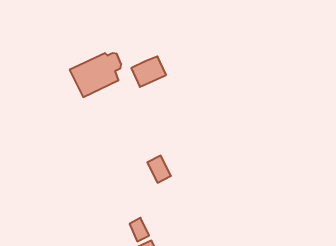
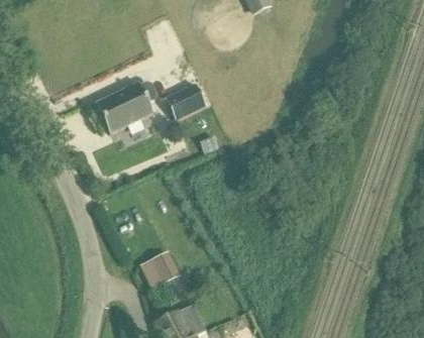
building: [147,156,171,183] -> [149,250,178,283]

